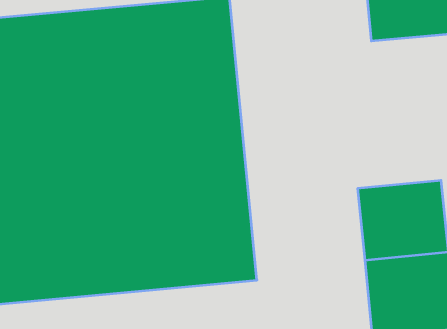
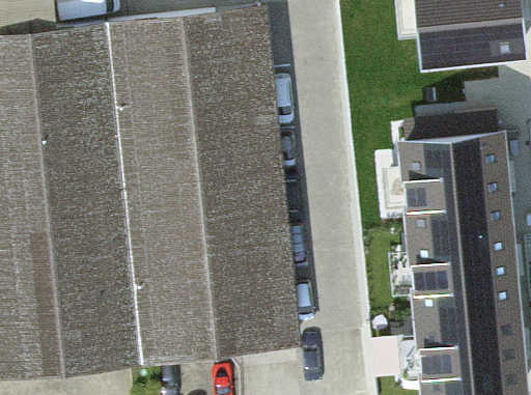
building: none -> [401,134,505,231]

